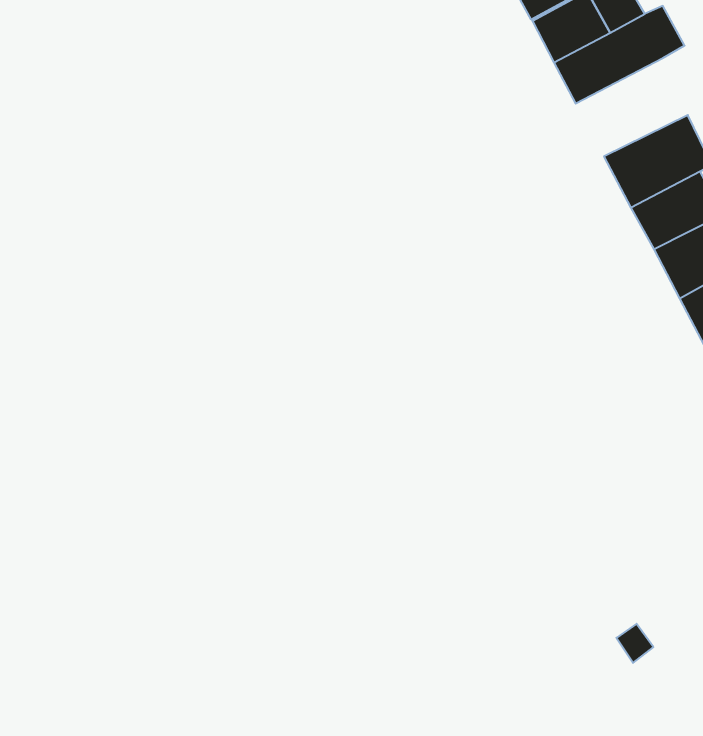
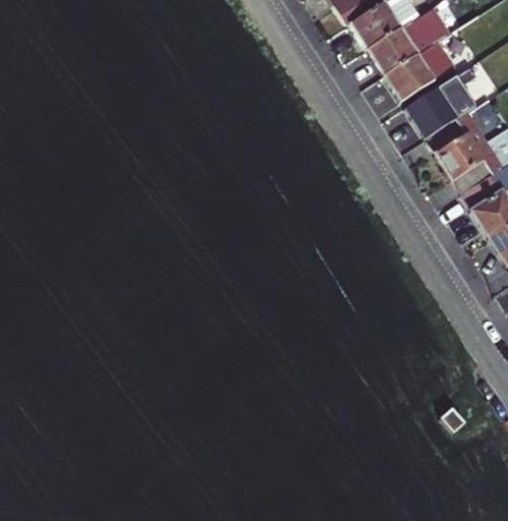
building: none -> [385,40,456,100]

